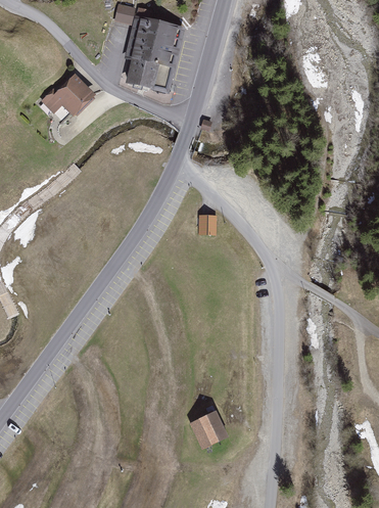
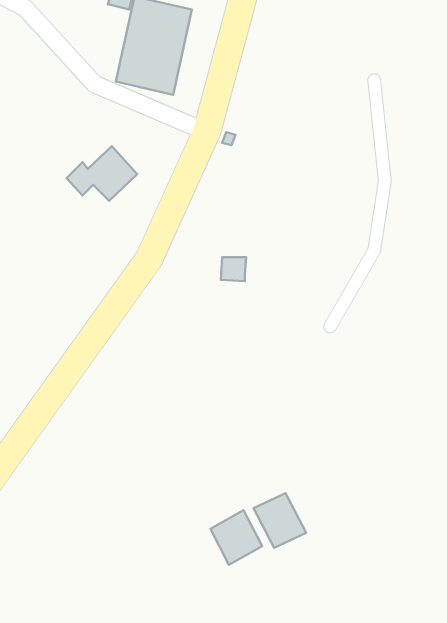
building: [44,78,98,120] -> [67,146,137,201]
building: none -> [254,493,306,548]

